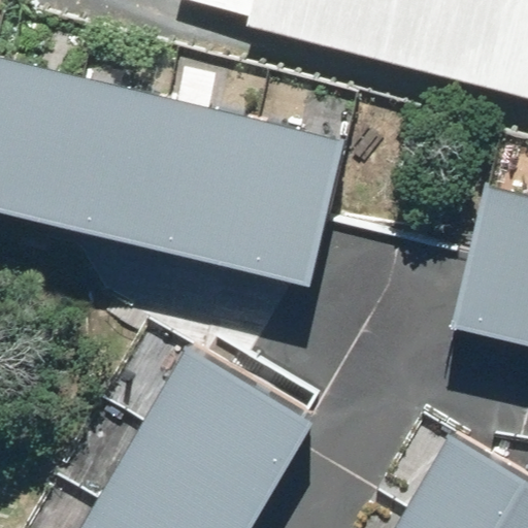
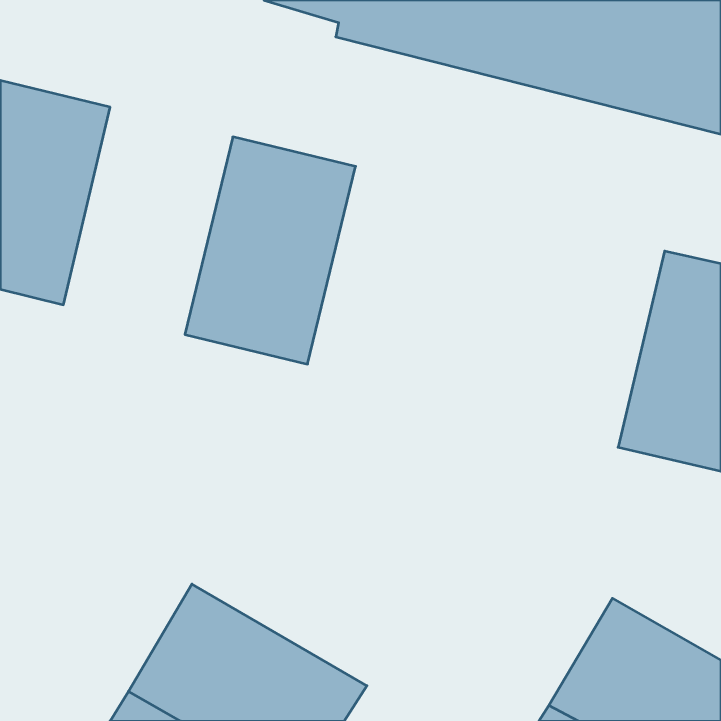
building: [46,78,170,244] -> none
building: [225,122,349,287] -> none
building: [140,349,315,501] -> none

